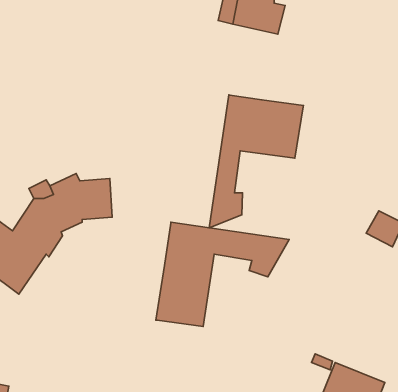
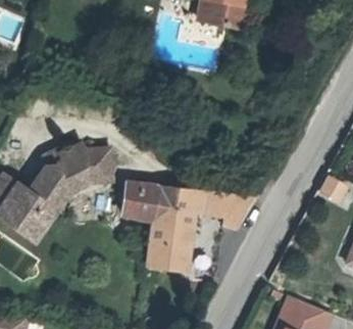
building: [209,95,303,228] -> none
building: none -> [121,180,158,219]

